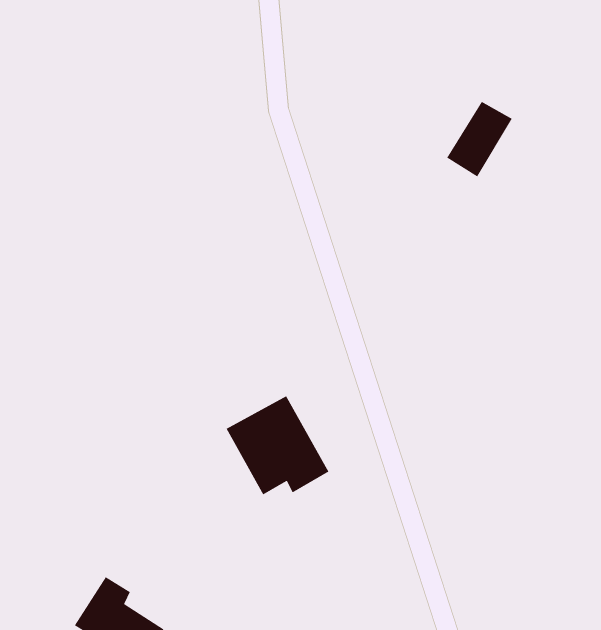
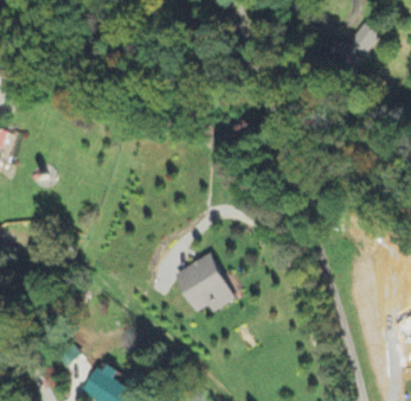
building: [446,101,513,178] -> [339,23,379,69]

